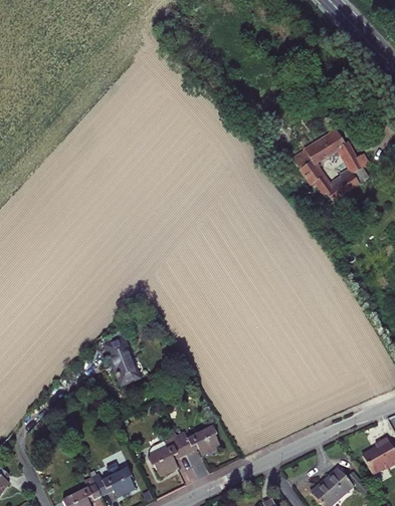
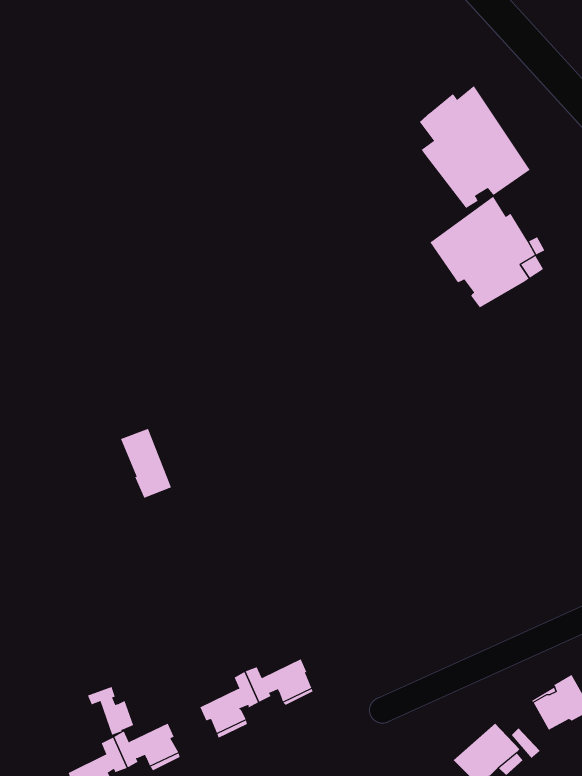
building: none -> [419,85,530,209]
building: [105,338,138,384] -> [120,428,172,498]
building: none -> [87,686,134,735]

